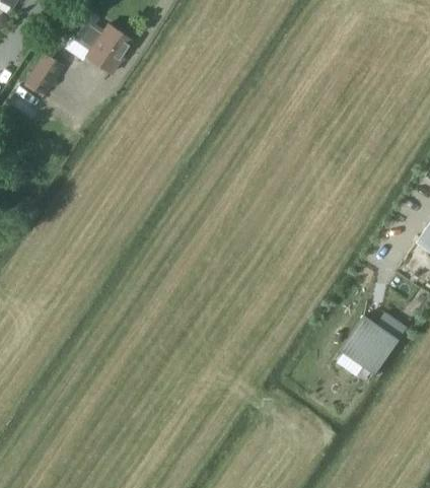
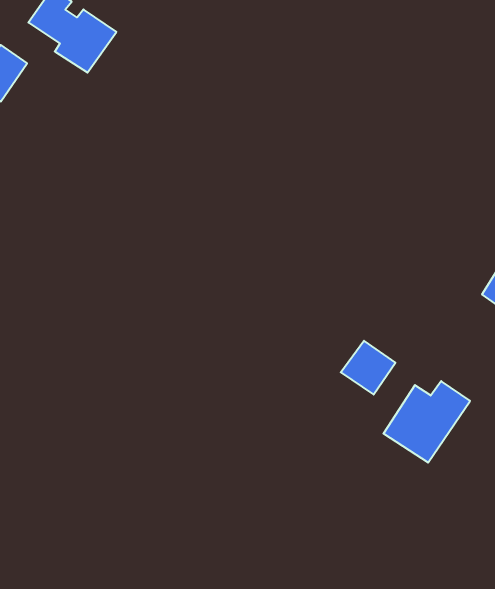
building: none -> [341,341,395,395]

